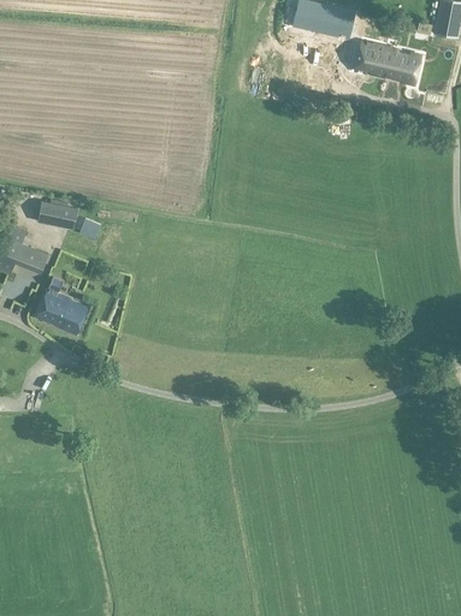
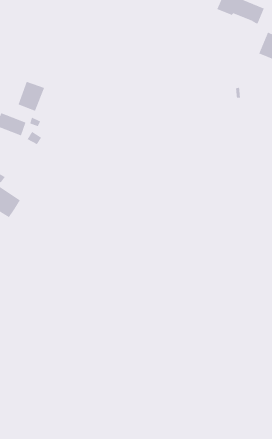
building: none -> [17,81,45,112]

